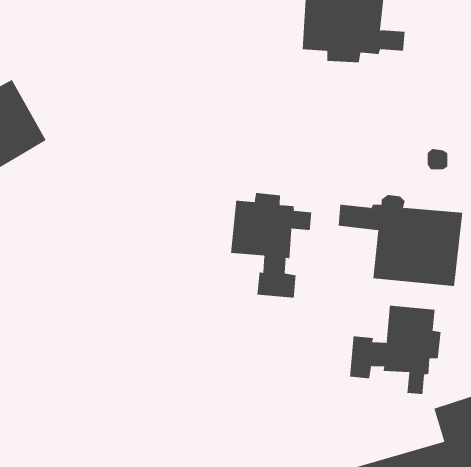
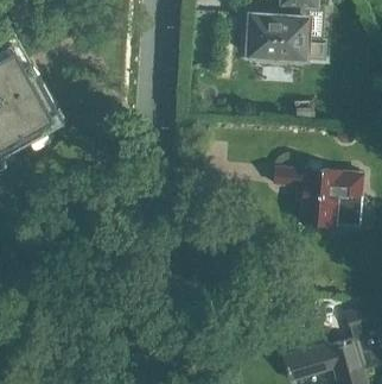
building: [230,192,312,299] -> none
building: [349,305,441,395] -> none

